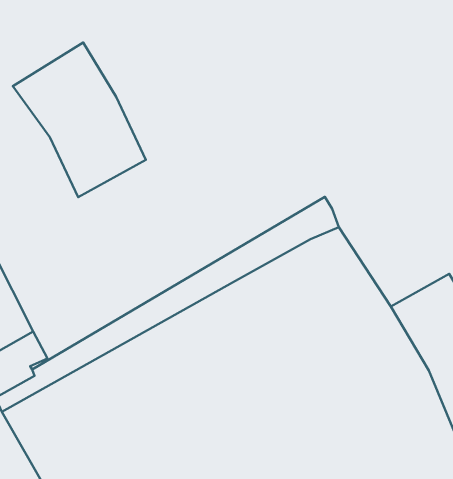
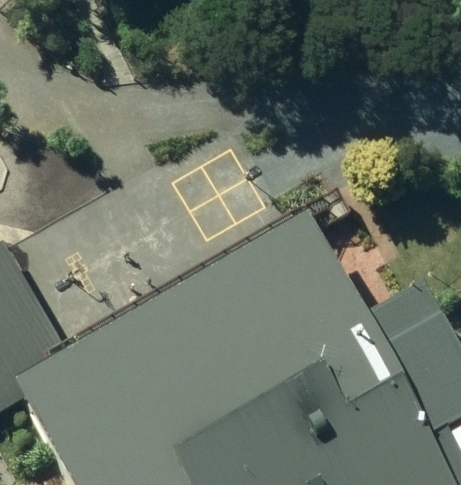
building: [13,42,146,197] -> none

